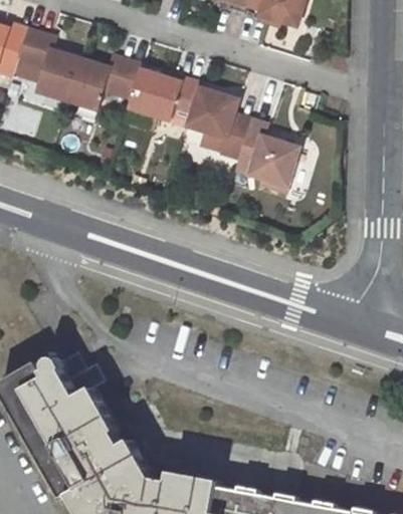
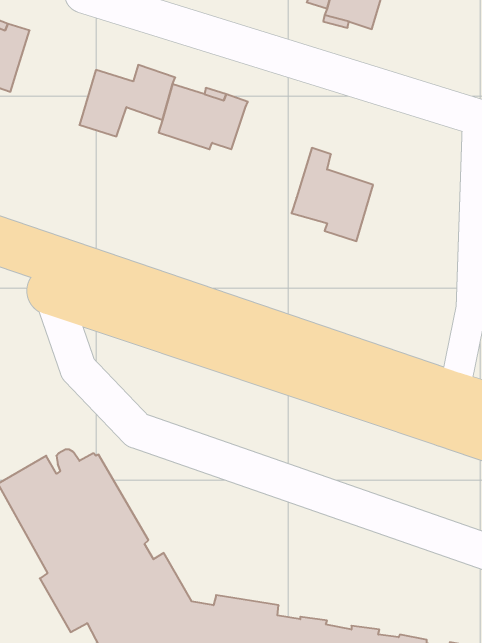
building: [18,28,80,102] -> none
building: [186,88,250,160] -> none

